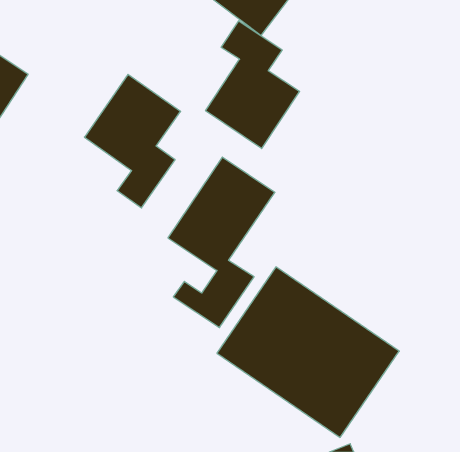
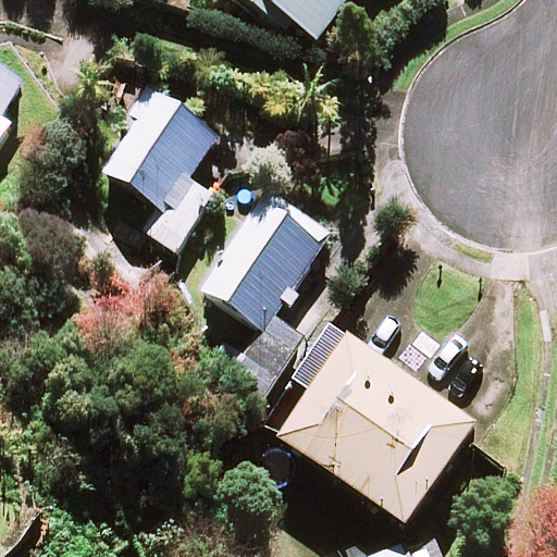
building: [206,21,300,149] -> none

